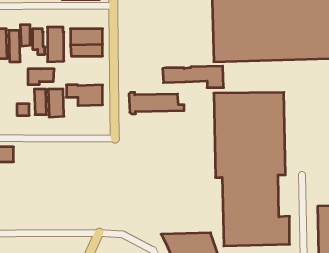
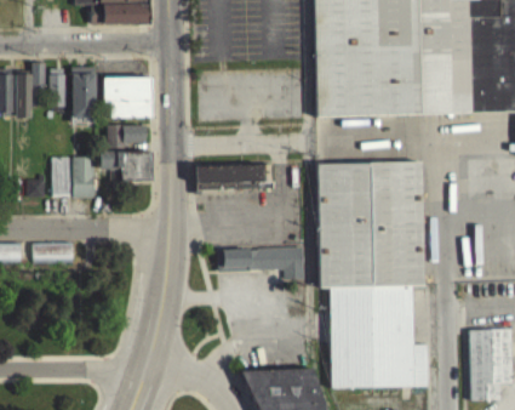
building: [163,66,224,88] -> [217,247,307,279]
building: [28,69,54,85] -> [107,125,145,148]
building: none -> [33,243,73,266]

